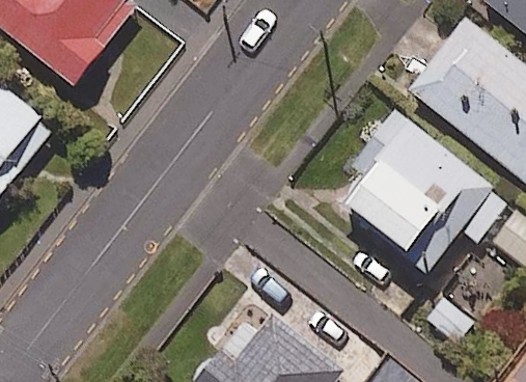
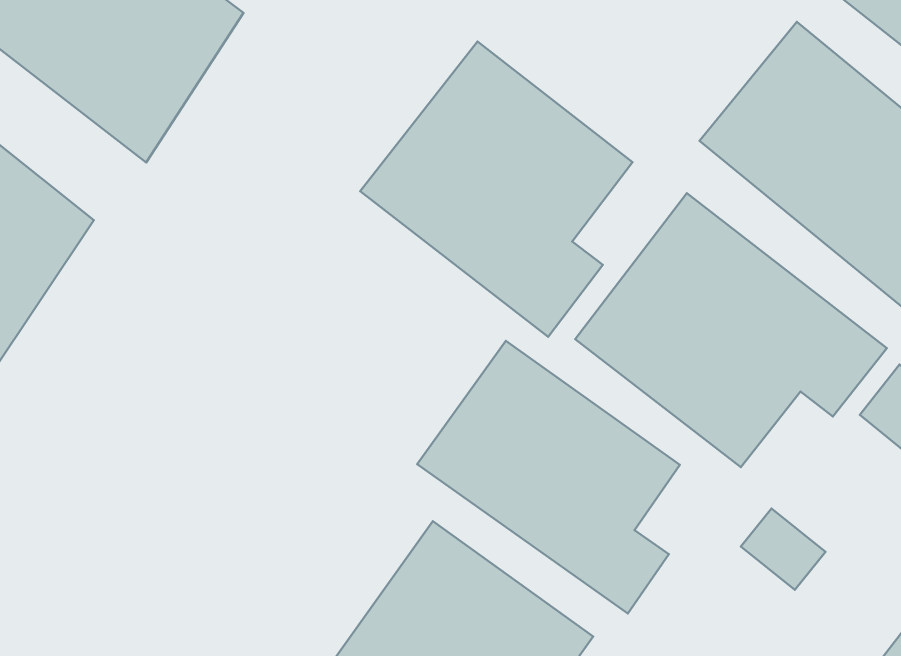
building: none -> [360,41,633,337]
building: none -> [417,341,680,614]

